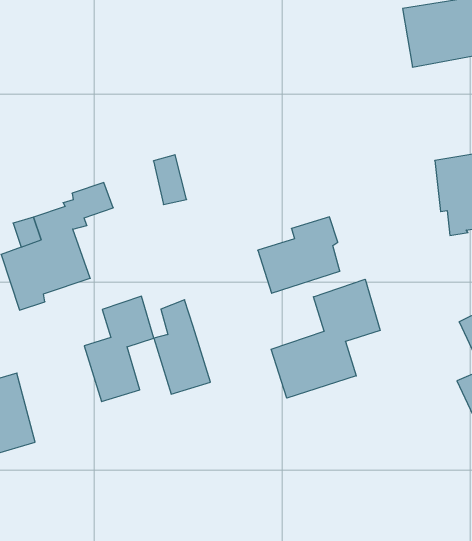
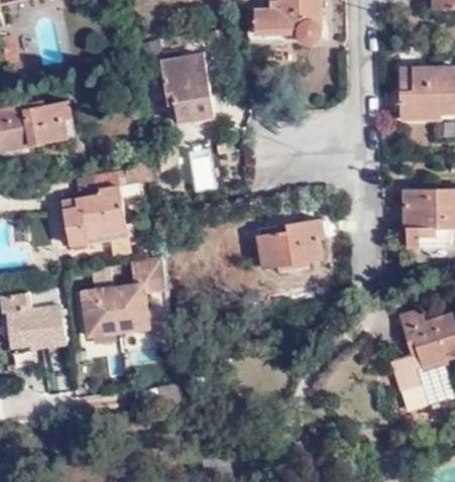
building: none -> [162,54,217,122]
building: [271,279,380,398] -> none
building: [154,300,210,394] -> [82,262,119,332]

